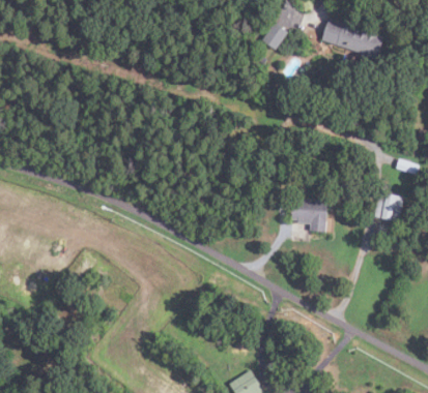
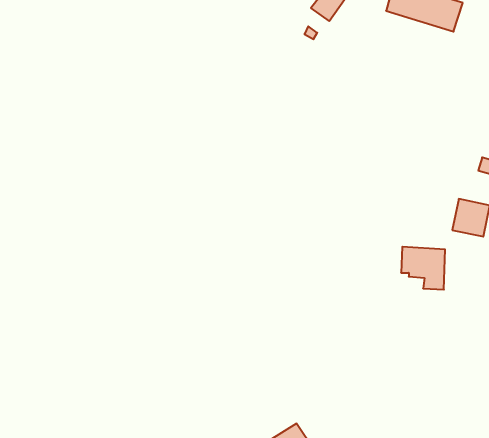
building: [291,199,326,233] -> [401,247,445,290]

